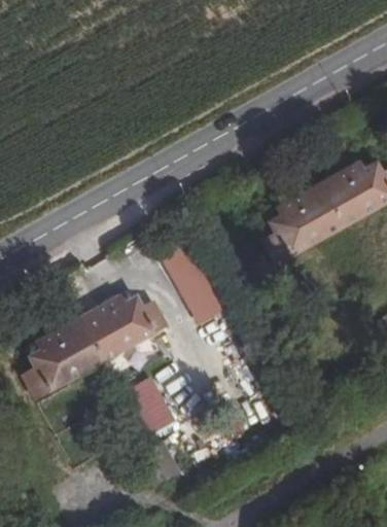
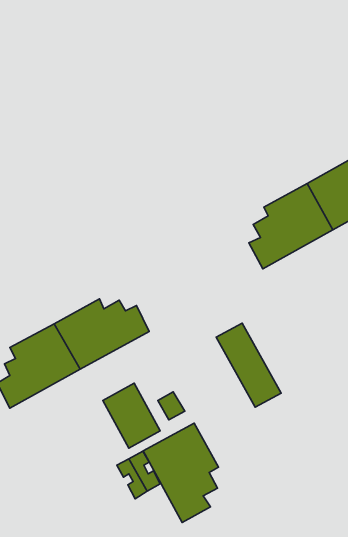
building: [161,242,222,322] -> [216,323,281,407]
building: none -> [143,423,218,523]

